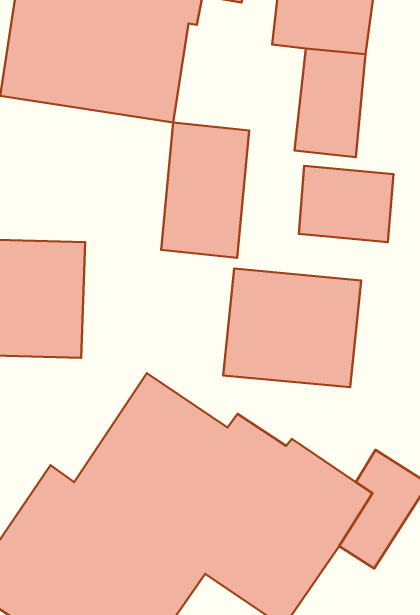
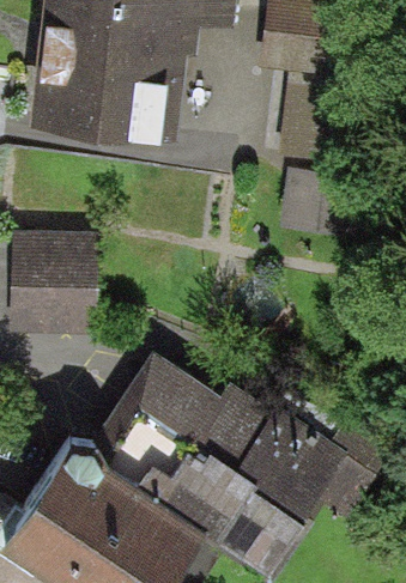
building: [161,122,249,258] -> none
building: [223,269,361,387] -> none

